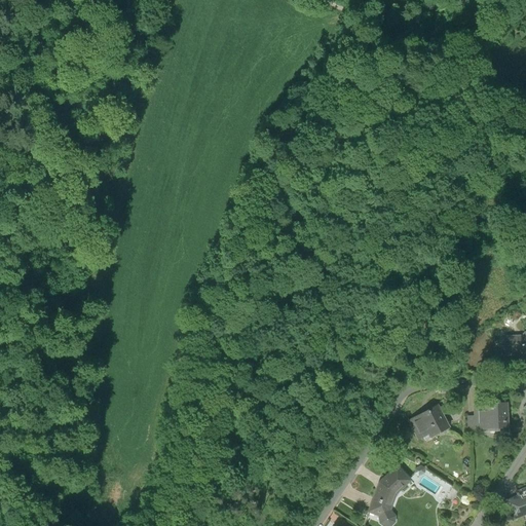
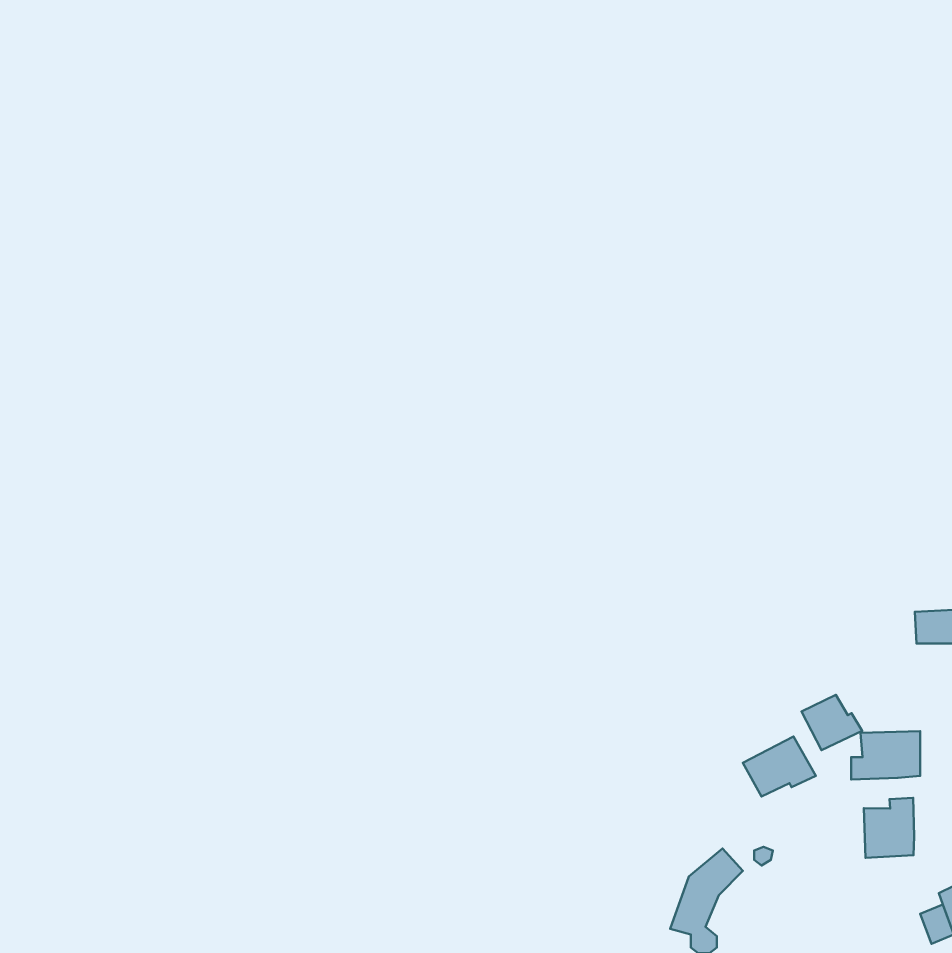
building: none -> [801,695,862,750]
building: none -> [864,798,914,858]

